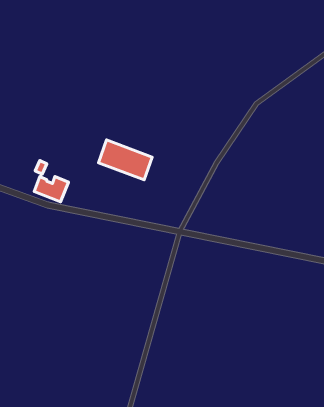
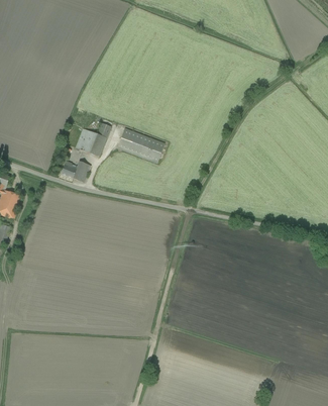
building: none -> [76,122,112,156]

